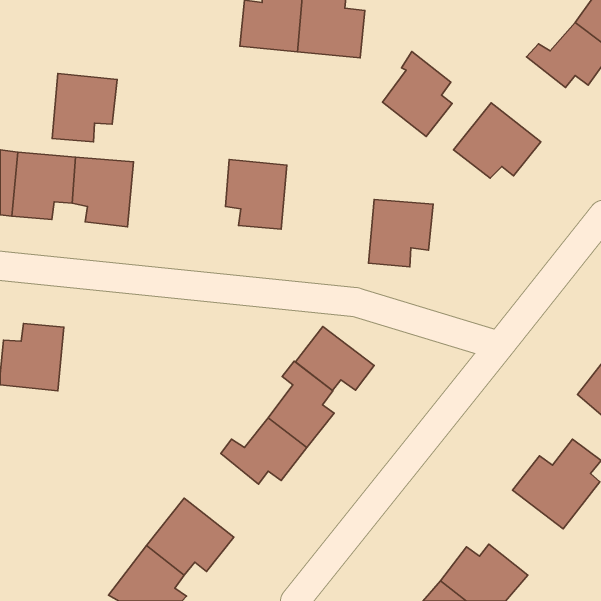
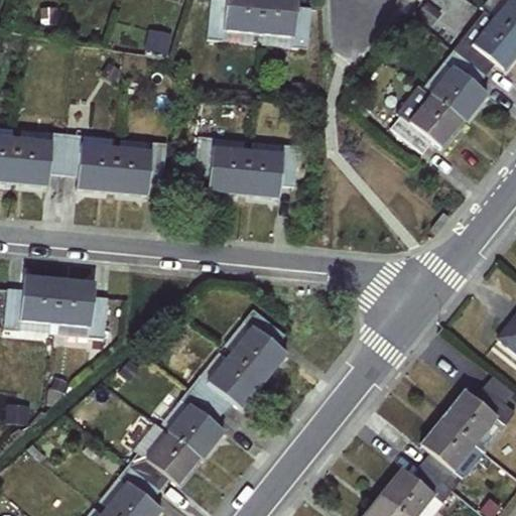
building: [382,51,452,136] -> [426,48,486,121]
building: [52,74,117,142] -> [111,138,166,197]
building: [368,199,433,267] -> [242,141,297,199]
building: [295,327,374,390] -> none
building: none -> [51,279,109,340]
building: none -> [164,387,224,459]
building: none -> [418,418,483,491]

